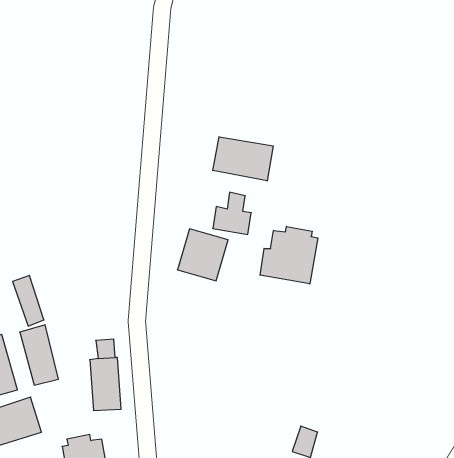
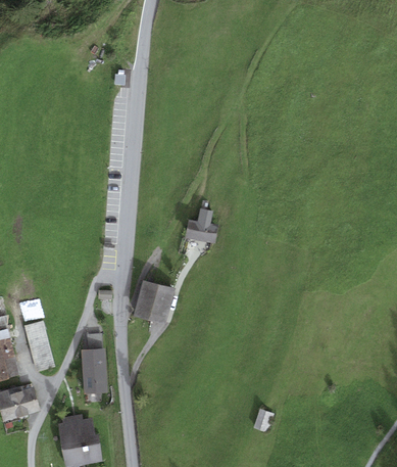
building: [213,137,273,181] -> none
building: [260,226,318,284] -> none
building: [177,229,228,281] -> [132,280,175,324]

